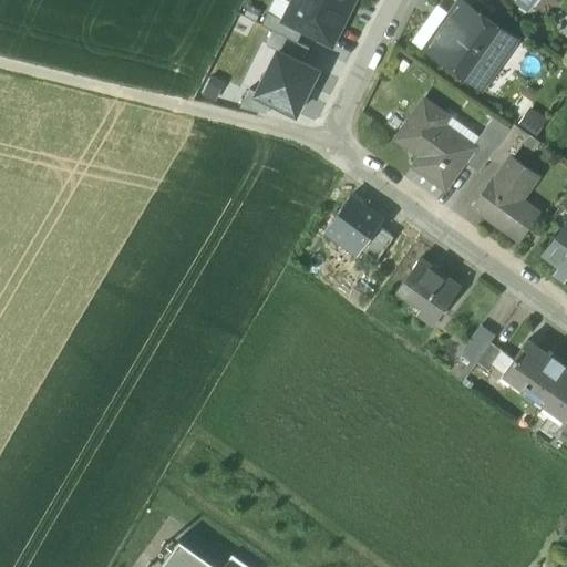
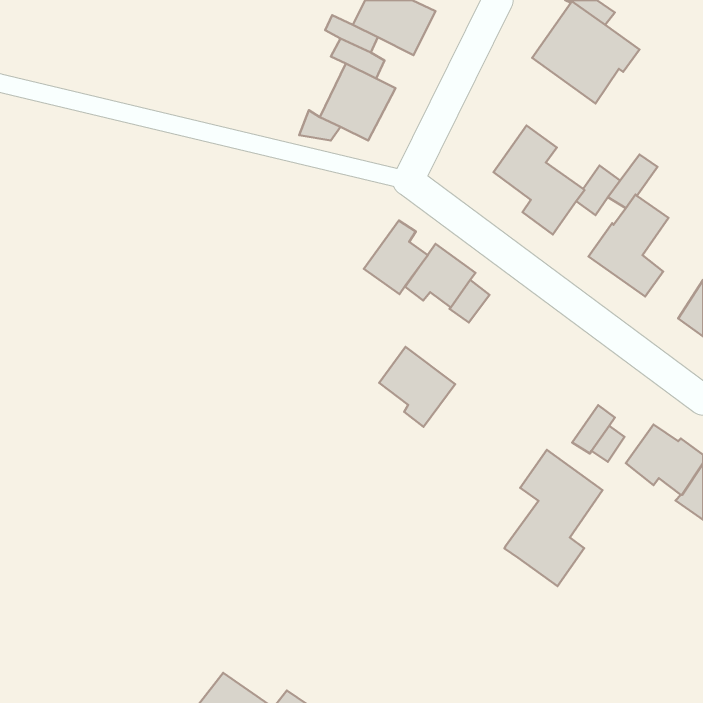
building: none -> [364,221,428,294]
building: [399,259,460,323] -> [379,347,455,427]
building: none -> [504,450,603,586]

